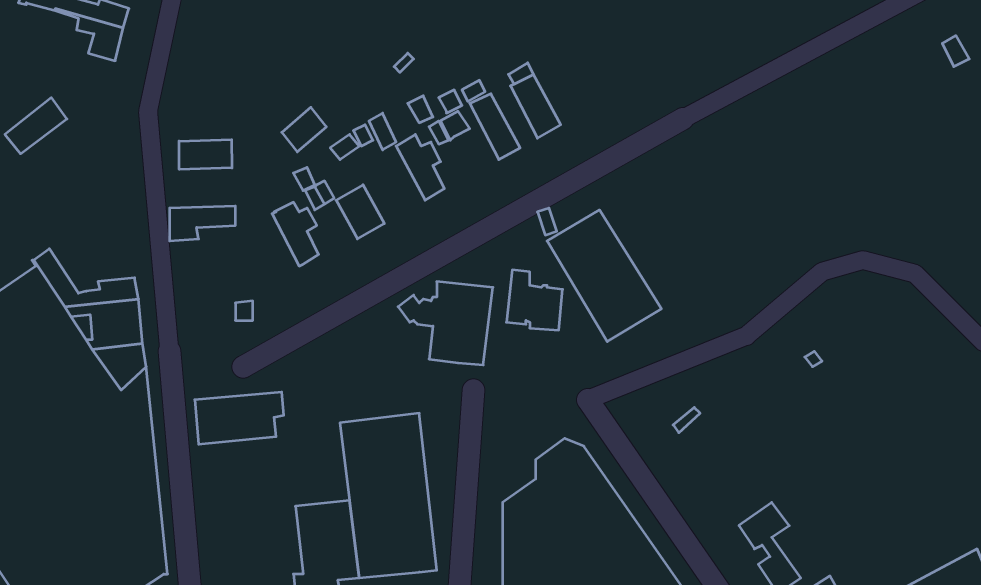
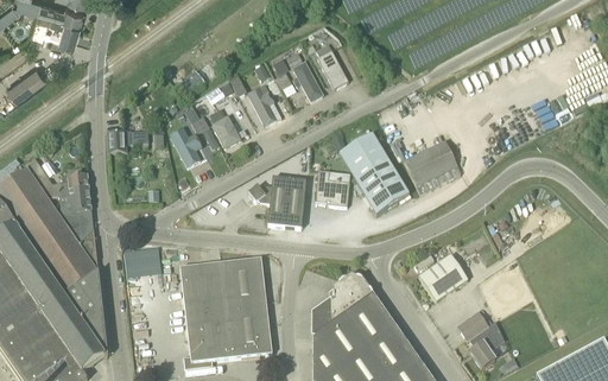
building: [179,140,232,169] -> none
building: none -> [404,140,461,192]
building: none -> [418,254,468,300]
building: none -> [179,263,218,315]

